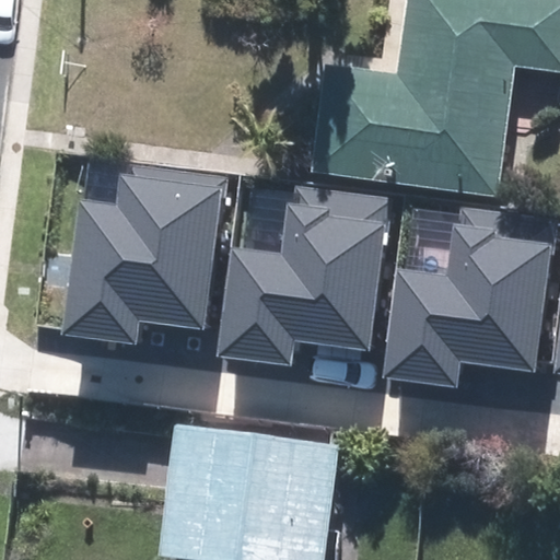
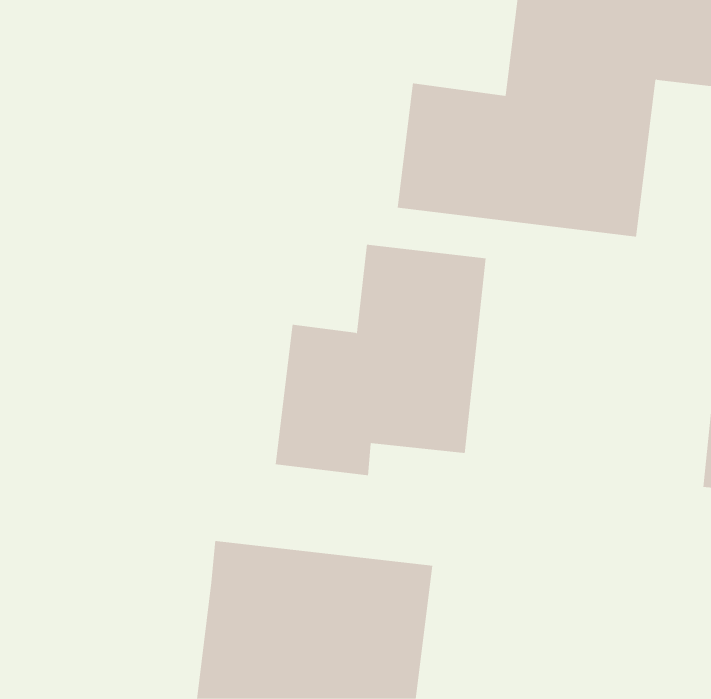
building: [61,168,222,351] -> none
building: [384,210,549,389] -> none

